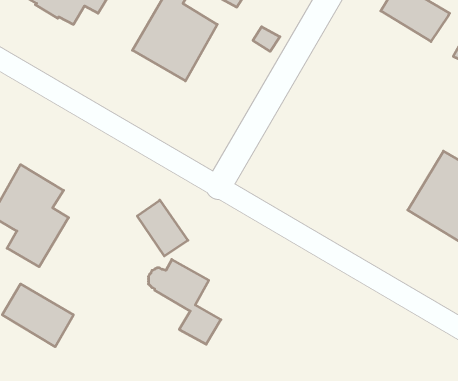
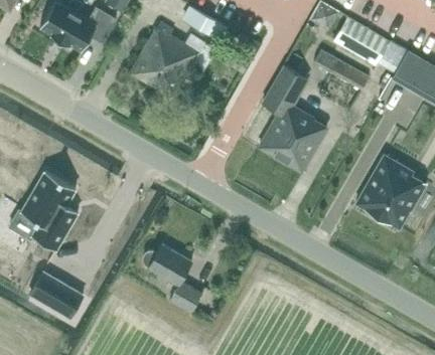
building: none -> [313,49,370,91]
building: none -> [259,66,327,172]
building: [137,200,188,256] -> none

